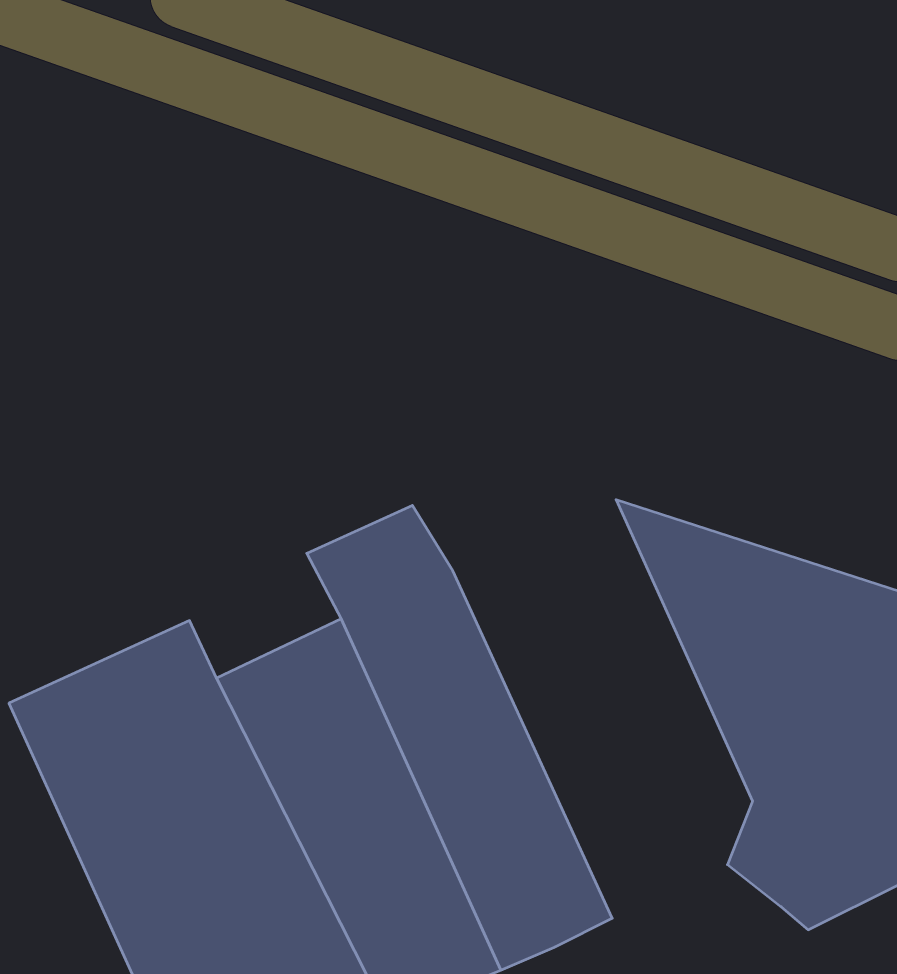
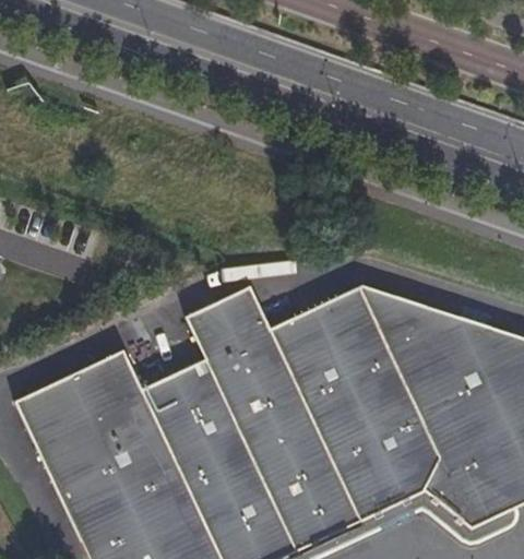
building: none -> [270,286,440,524]

